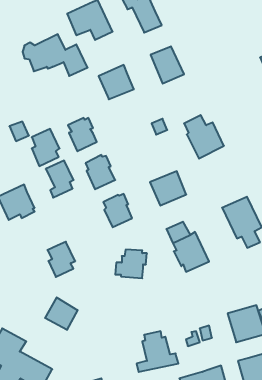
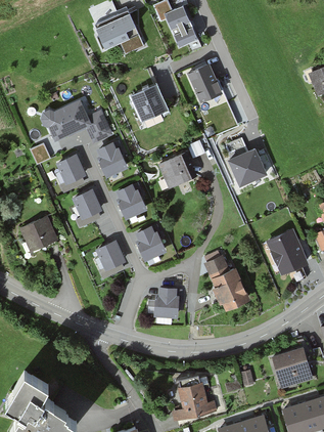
building: [23,34,88,76] -> [41,99,112,145]
building: [150,171,186,206] -> [156,152,196,189]
building: [47,242,75,277] -> [94,240,125,278]
building: [45,297,78,330] -> none

